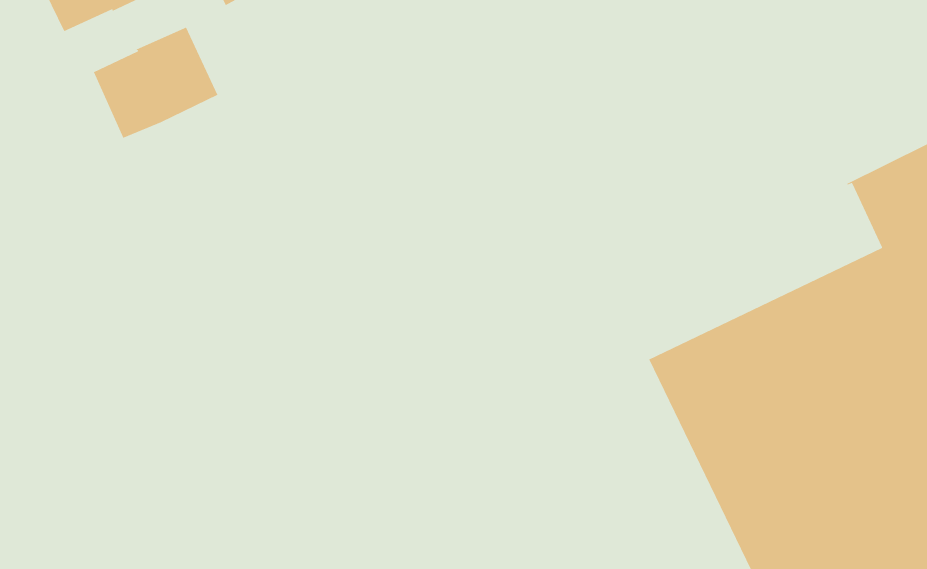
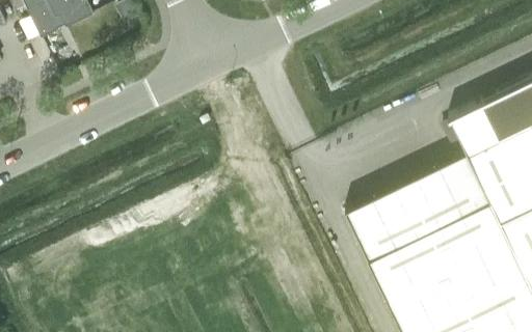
building: [93,27,218,139] -> none

